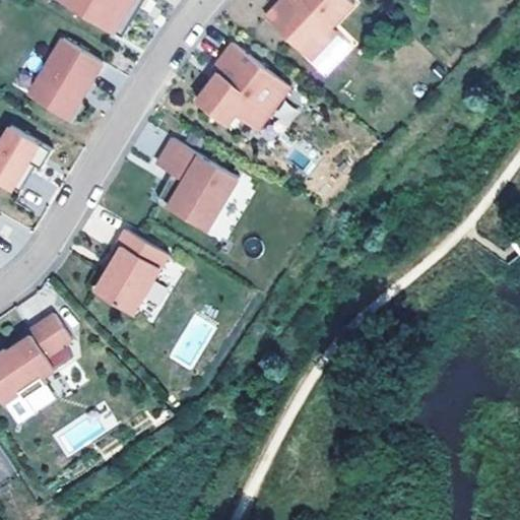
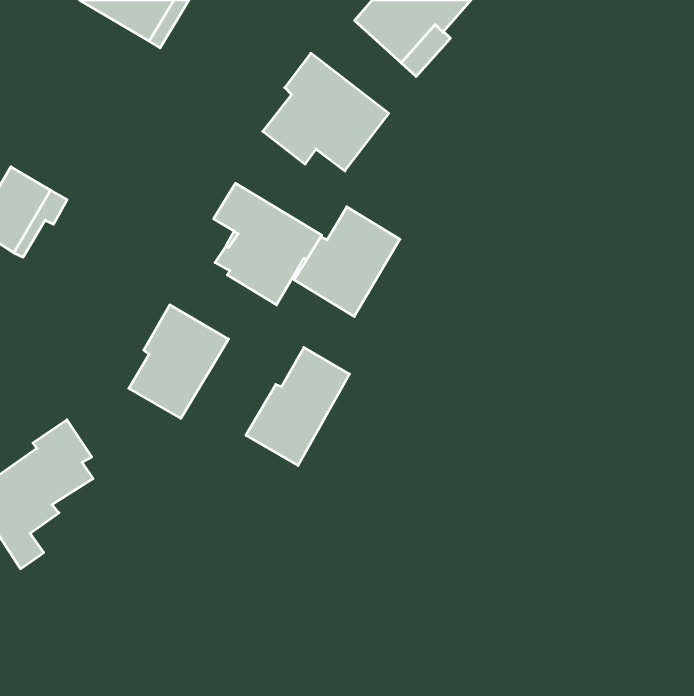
building: [26,39,101,119] -> none
building: none -> [294,207,400,317]
building: none -> [246,347,350,466]

